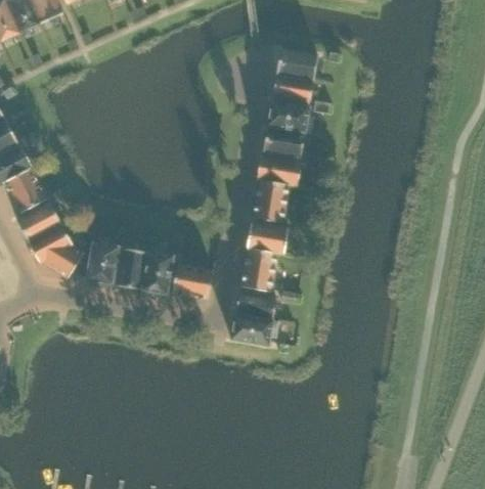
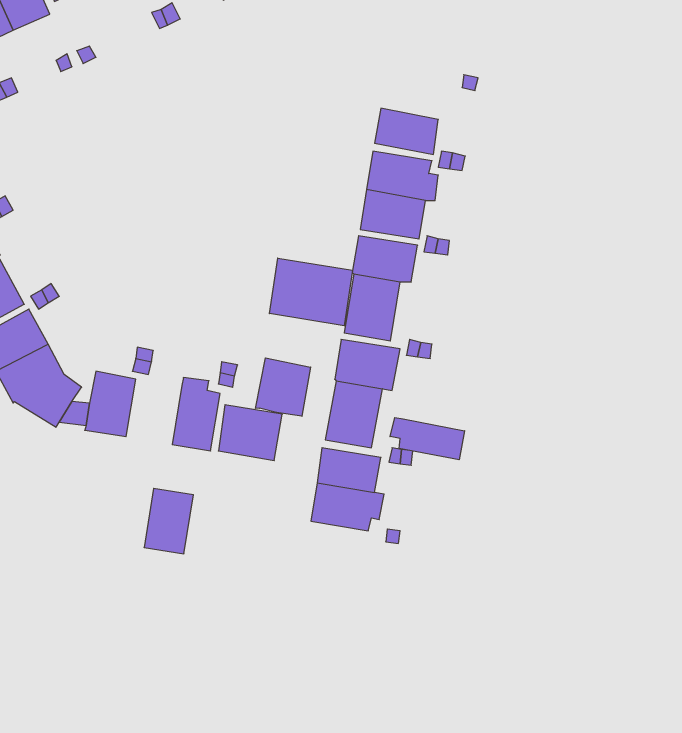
building: [275,47,317,79] -> none
building: none -> [269,258,353,326]
building: none -> [255,358,311,416]
building: [116,246,147,287] -> [144,488,193,554]
building: none -> [390,418,465,460]

